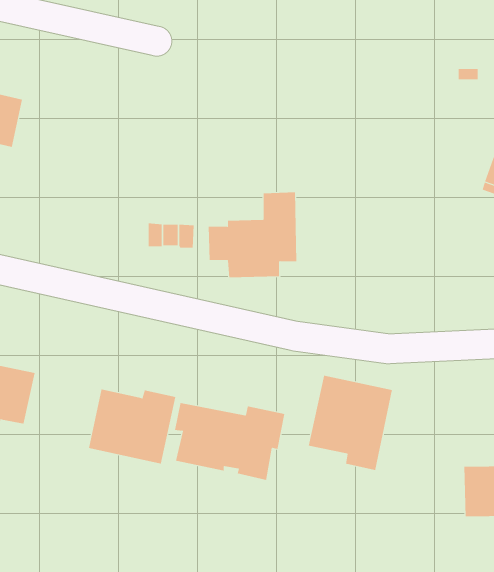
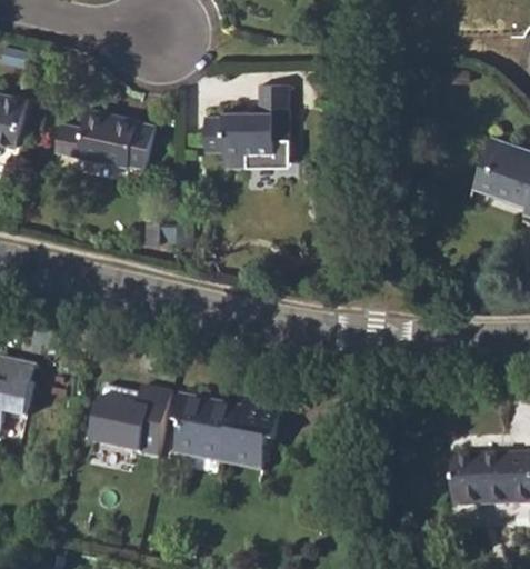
building: none -> [57,110,151,168]
building: [208,192,297,278] -> [203,84,290,168]
building: [308,375,393,471] -> none

